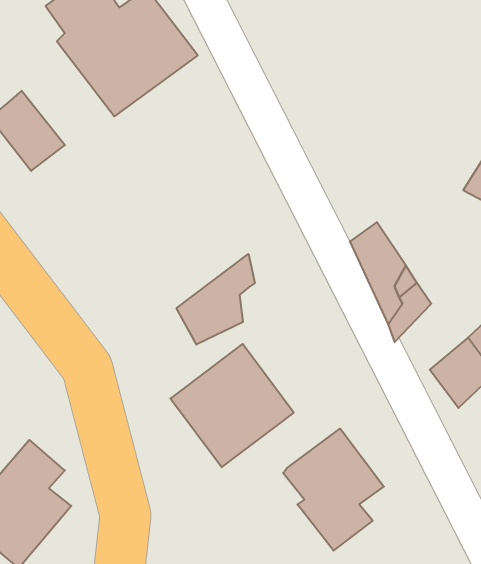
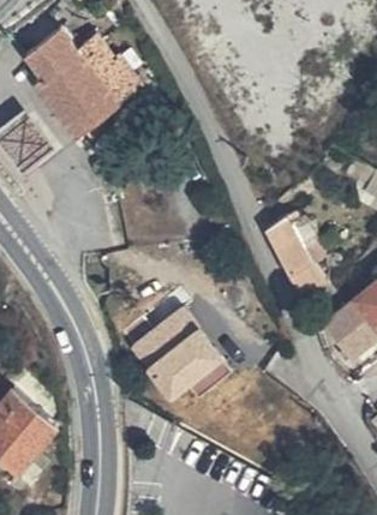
building: [177,254,255,345] -> none
building: [283,429,384,551] -> none

